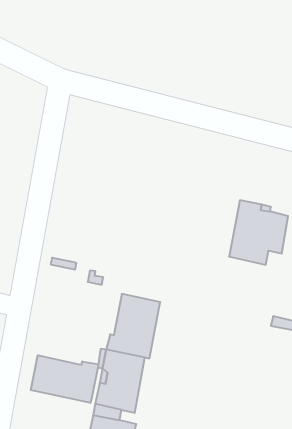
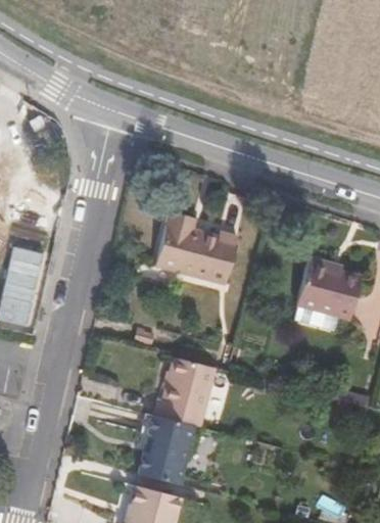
building: none -> [156,216,239,284]
building: [31,355,98,403] -> none

